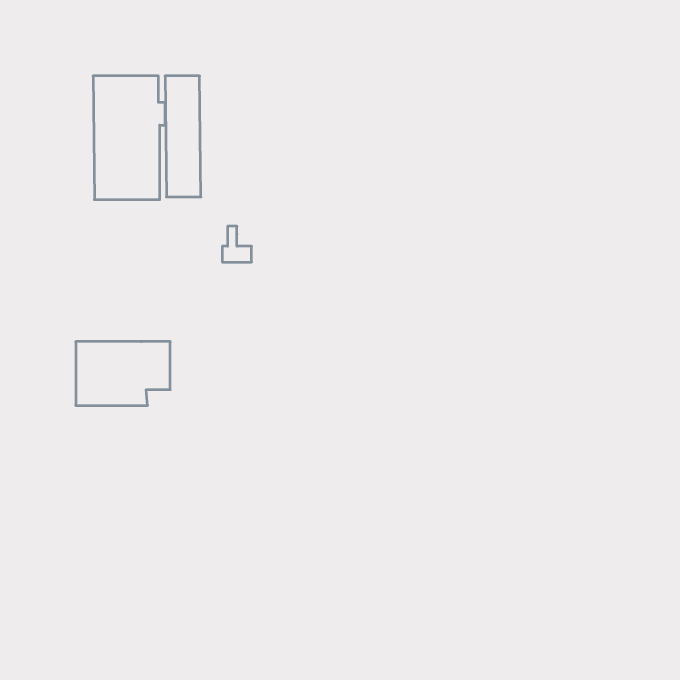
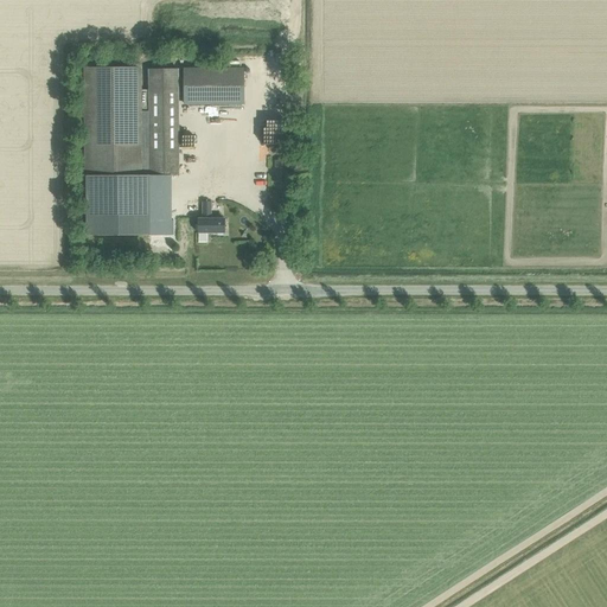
building: none -> [183,68,244,106]
building: [76,342,170,405] -> [84,178,168,235]

